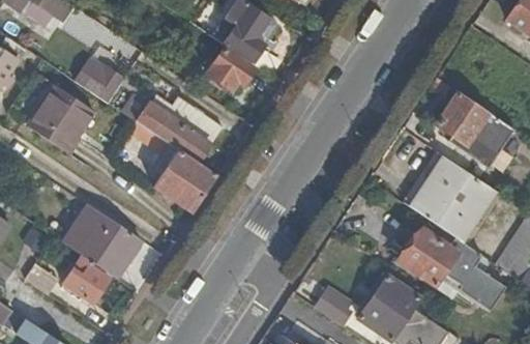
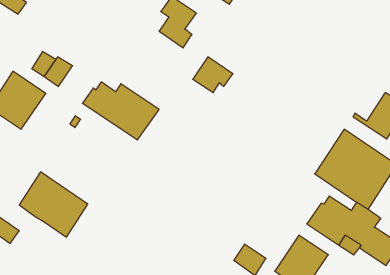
building: [205,48,252,89] -> [193,57,233,93]
building: [436,90,487,143] -> none
building: [131,123,214,212] -> none
building: [62,254,108,300] -> none

